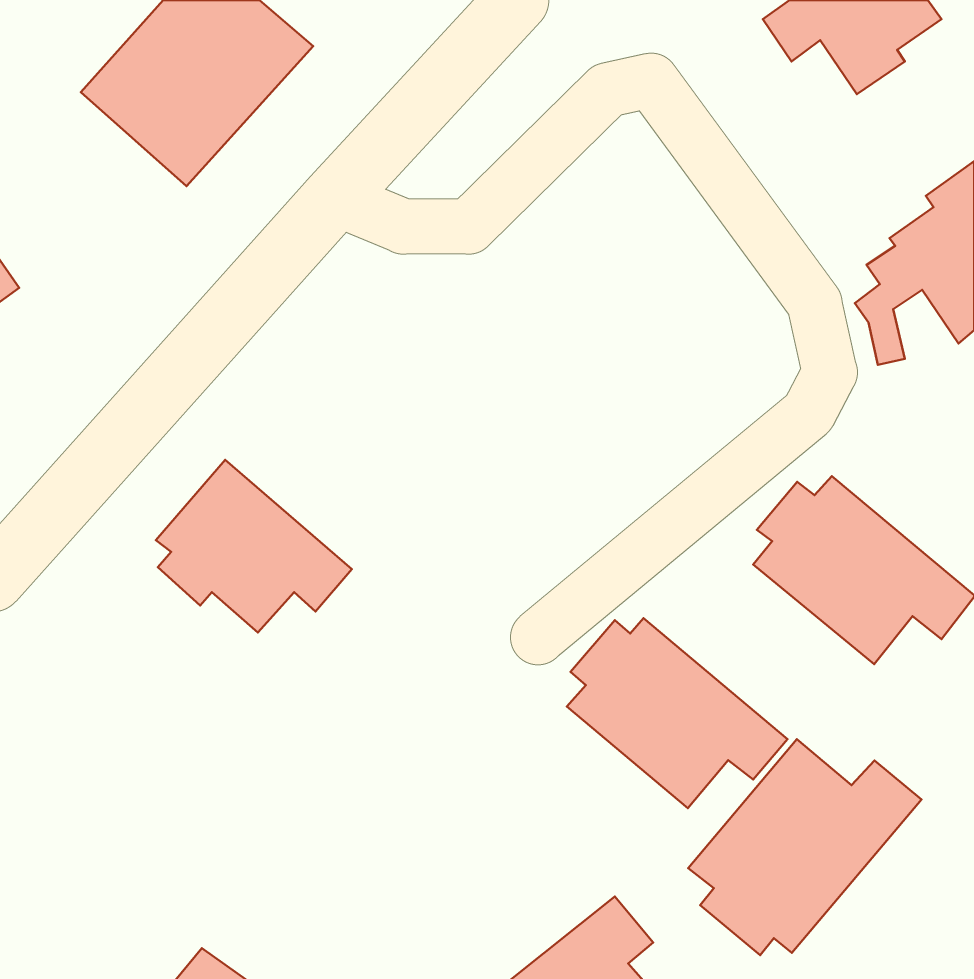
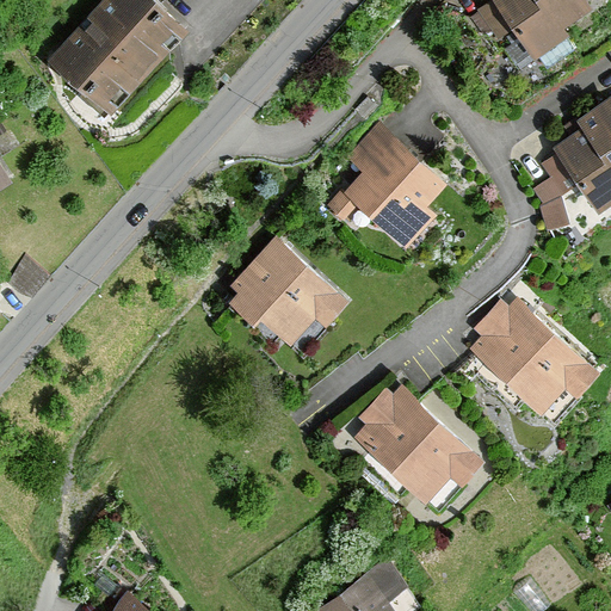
building: none -> [340,123,445,252]
building: [156,460,352,632] -> [229,234,351,341]
building: [688,739,921,955] -> none

